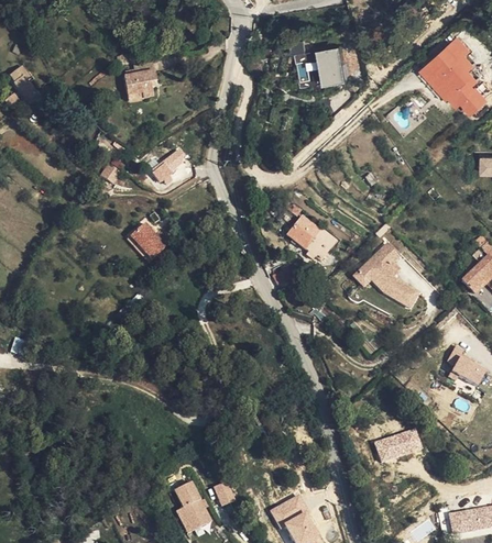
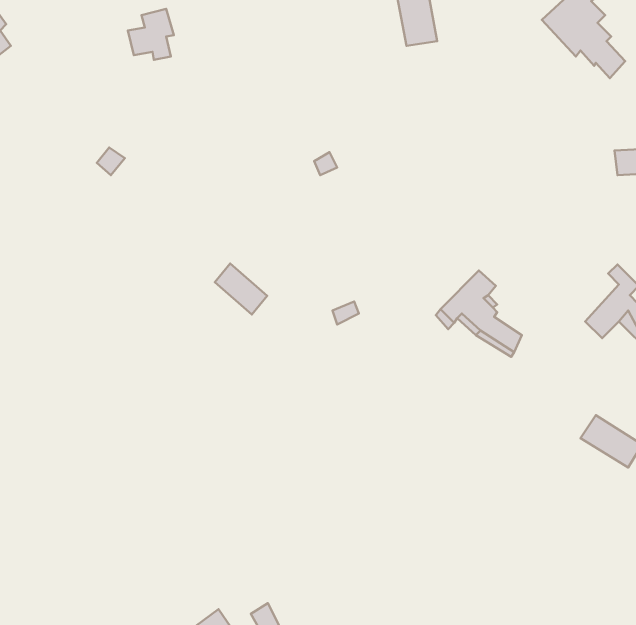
building: [155,149,194,182] -> none
building: [286,215,338,262] -> none
building: [124,228,162,264] -> [215,264,267,314]
building: [380,430,428,463] -> none

